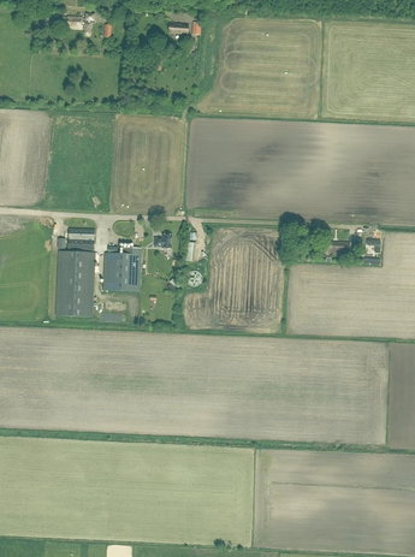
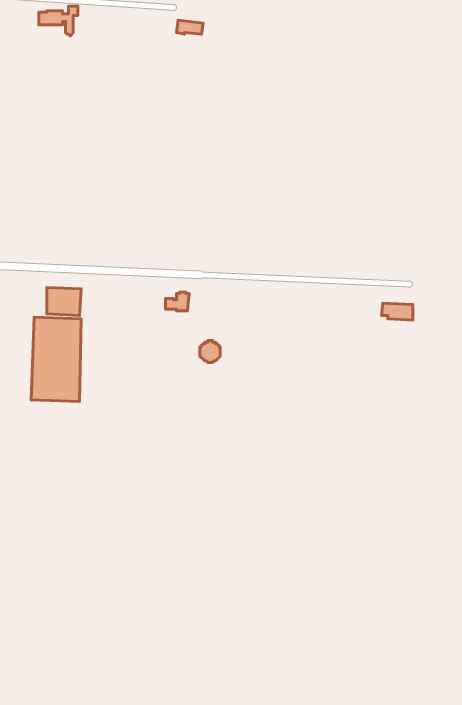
building: [102,247,141,291] -> none

